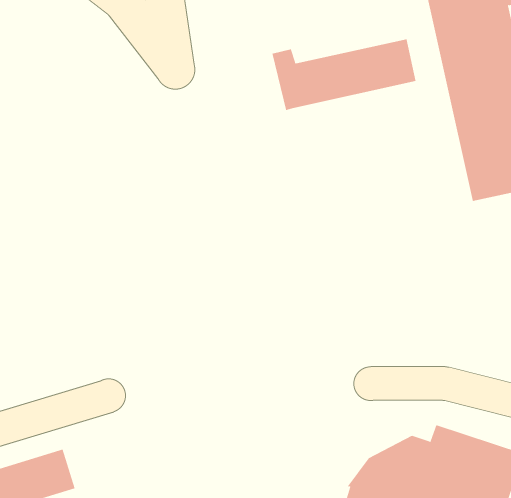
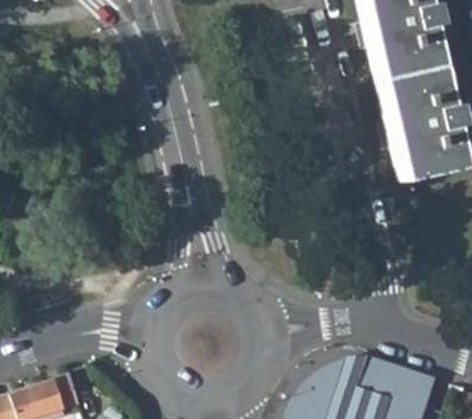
building: [272,38,416,111] -> none

